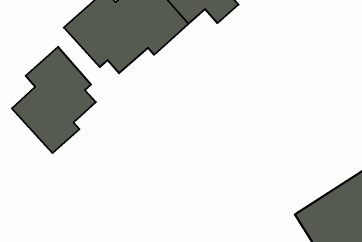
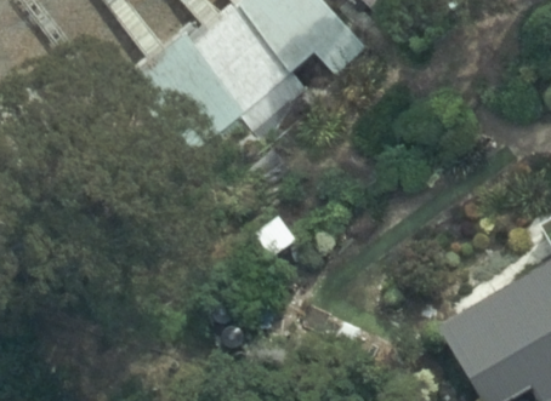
building: [12,47,96,153] -> none

